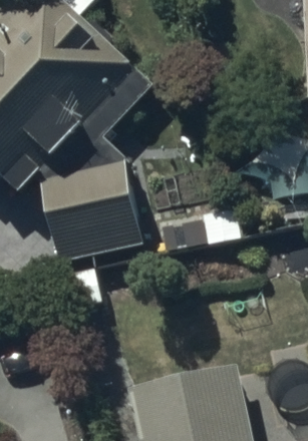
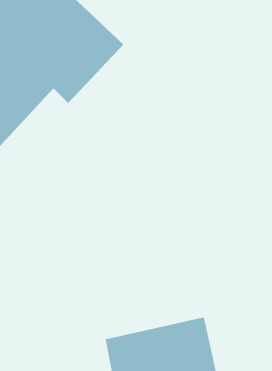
building: [42,164,142,262] -> none

